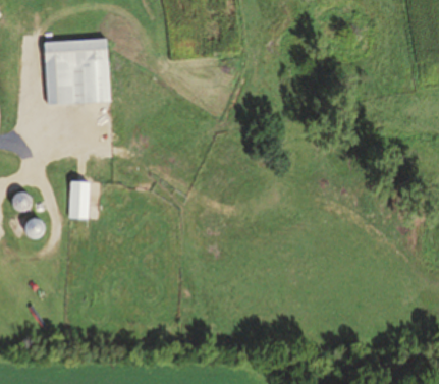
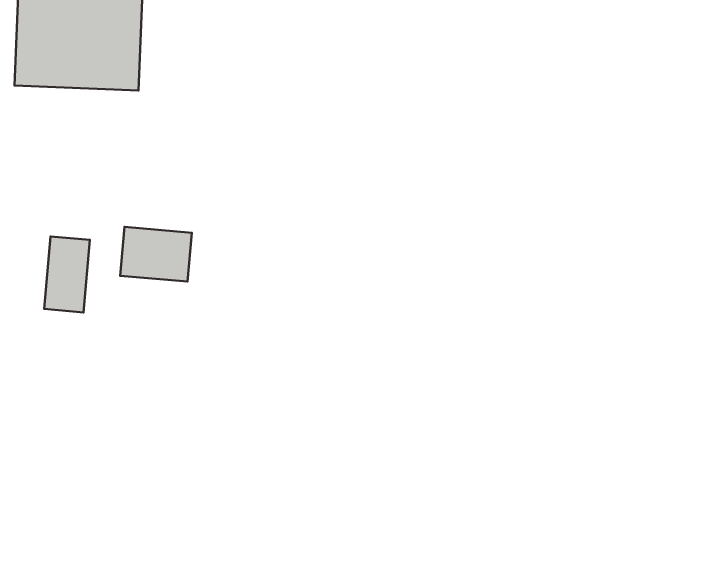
building: none -> [120,227,192,282]

